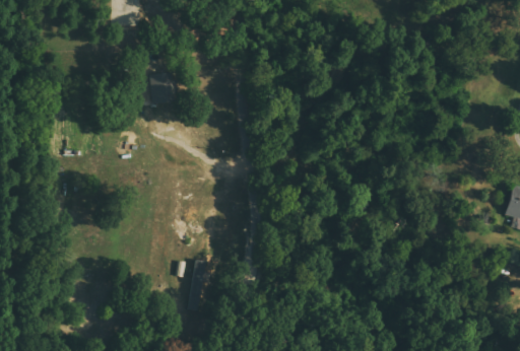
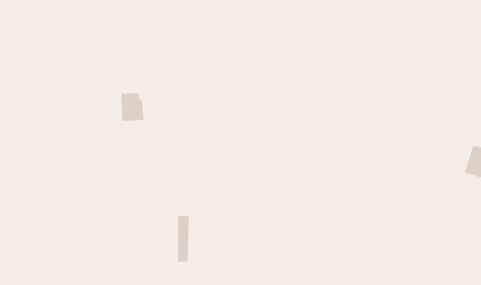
building: [151,73,177,103] -> [121,92,144,121]

